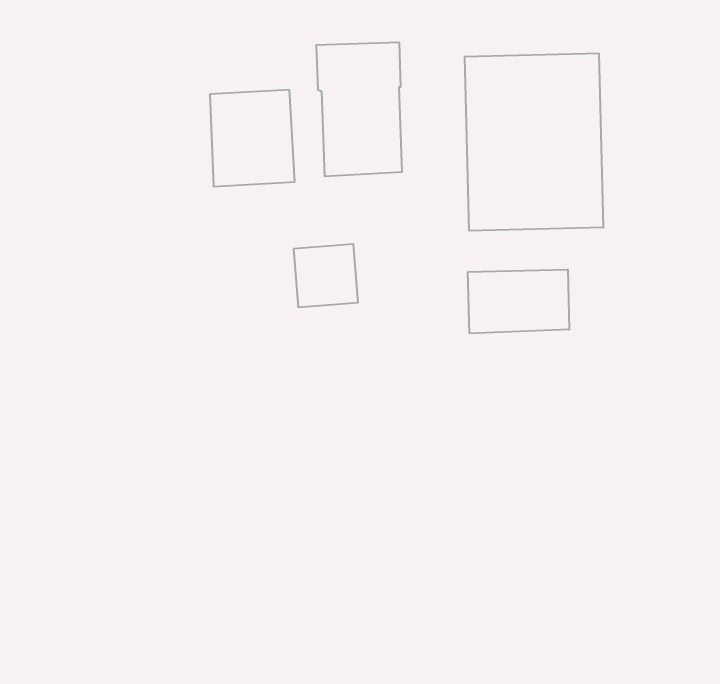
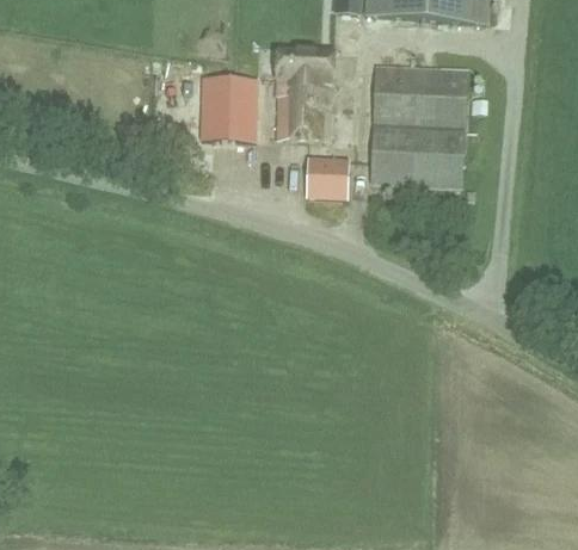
building: [294,244,358,307] -> [307,156,348,196]
building: [468,269,569,333] -> none

